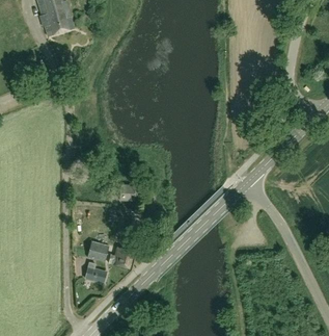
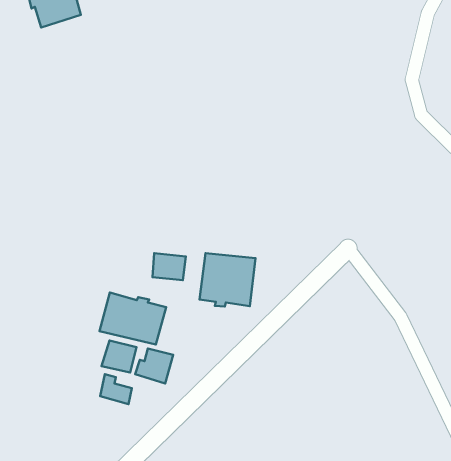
building: none -> [200,253,256,306]
building: none -> [100,293,166,344]

